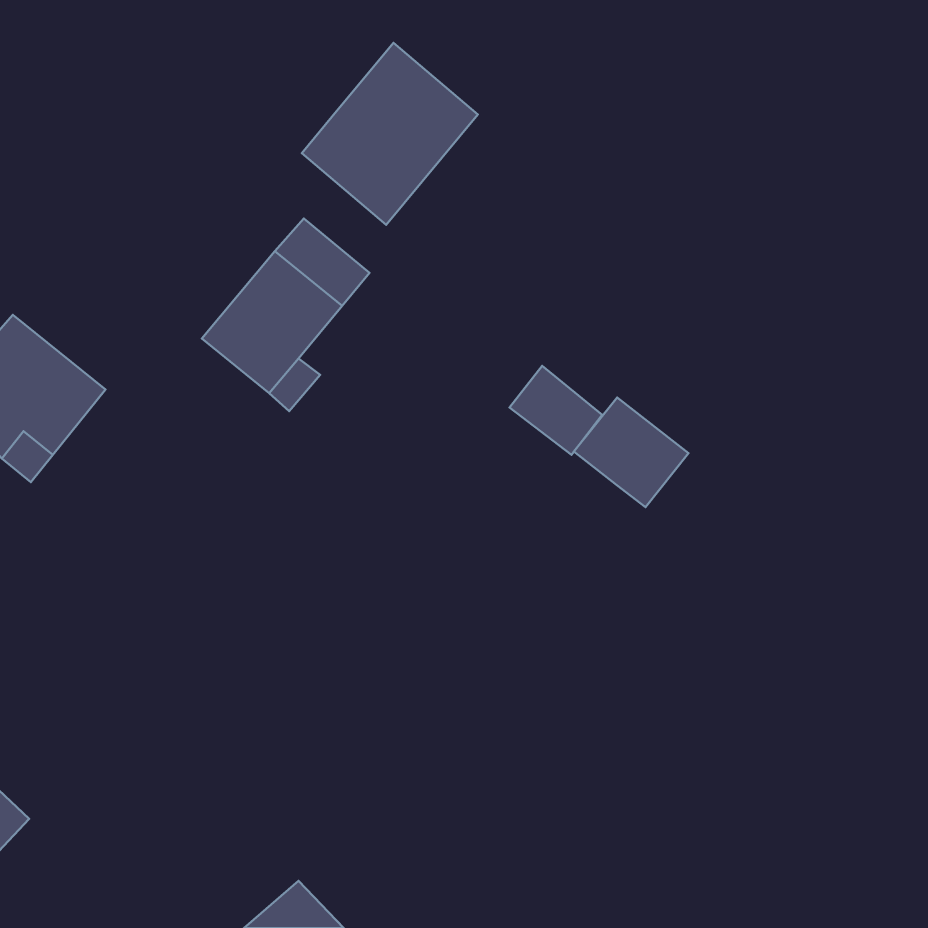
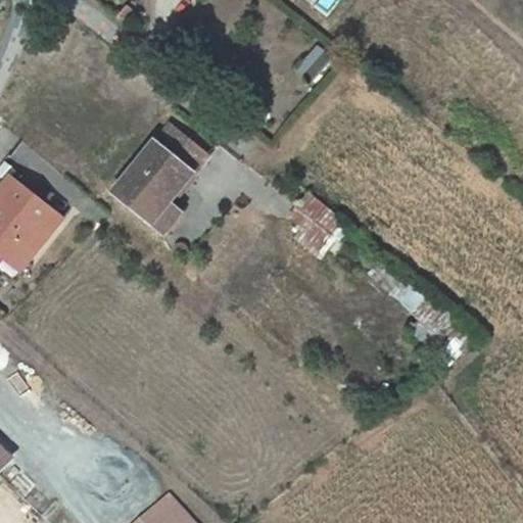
building: [302,43,478,225] -> none
building: [574,398,689,507] -> none

